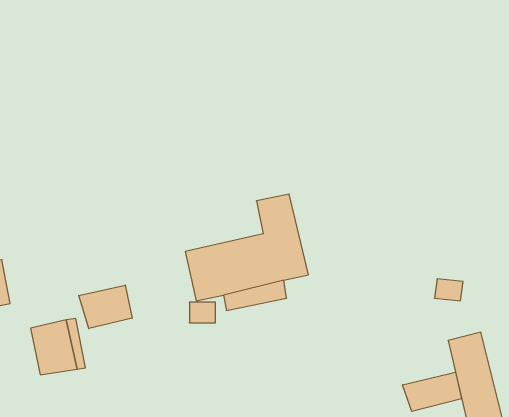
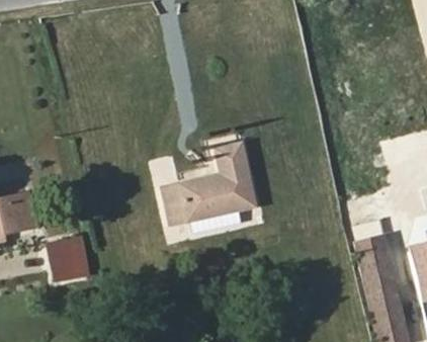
building: [79,285,132,329] -> none
building: [403,372,462,411] -> none

